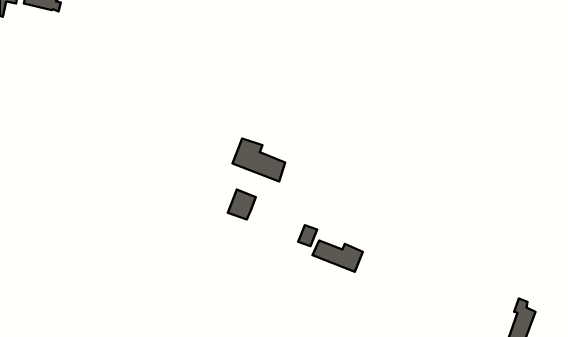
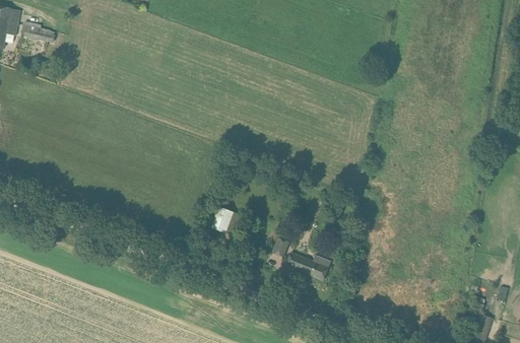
building: [232,139,285,181] -> none

